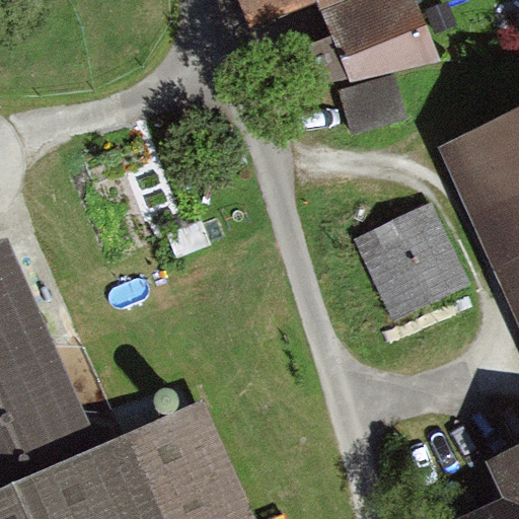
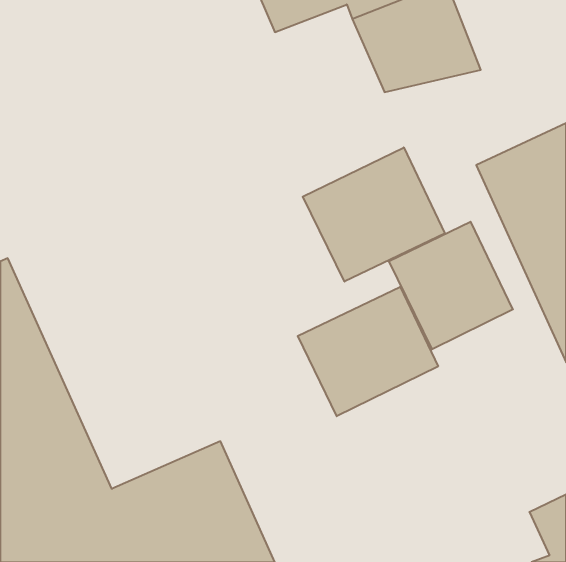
building: none -> [303,147,445,282]
building: none -> [298,287,438,416]

